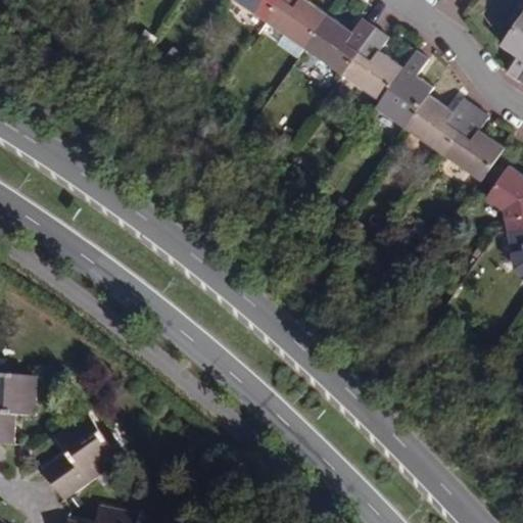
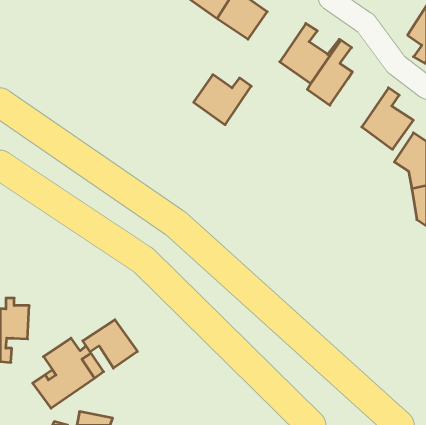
building: [304,14,375,76] -> [194,75,251,125]
building: [405,96,476,155] -> none
building: none -> [83,320,137,368]

